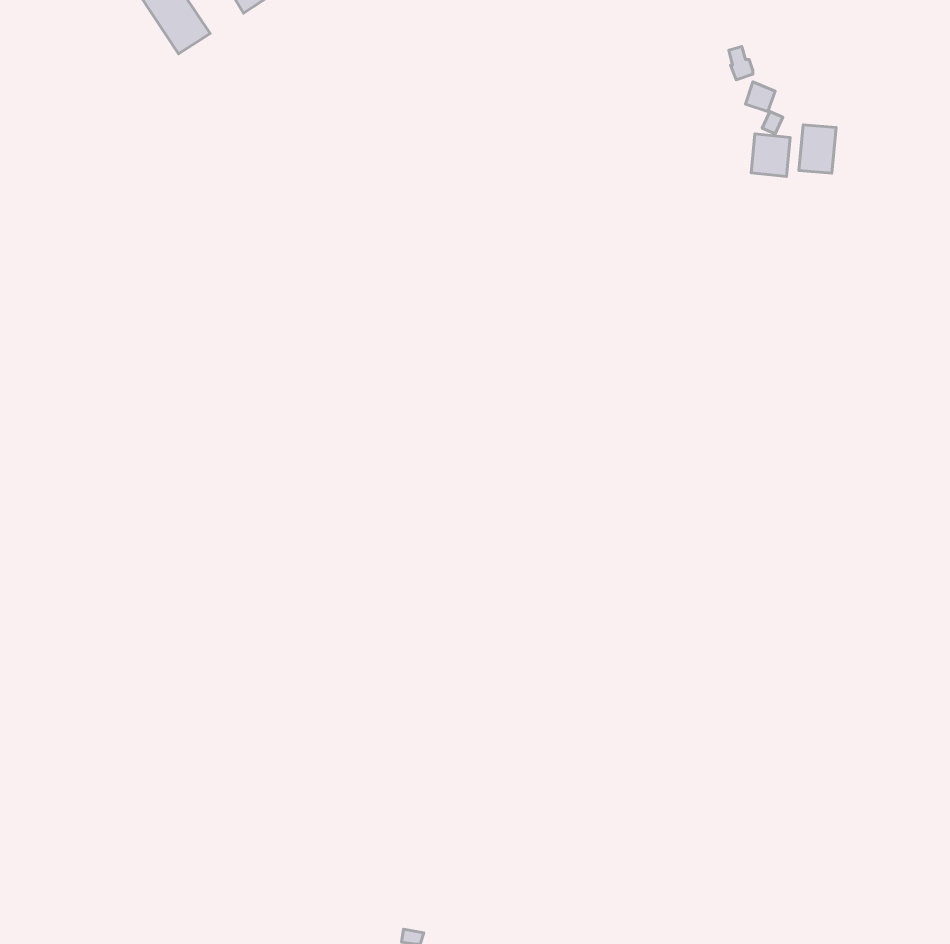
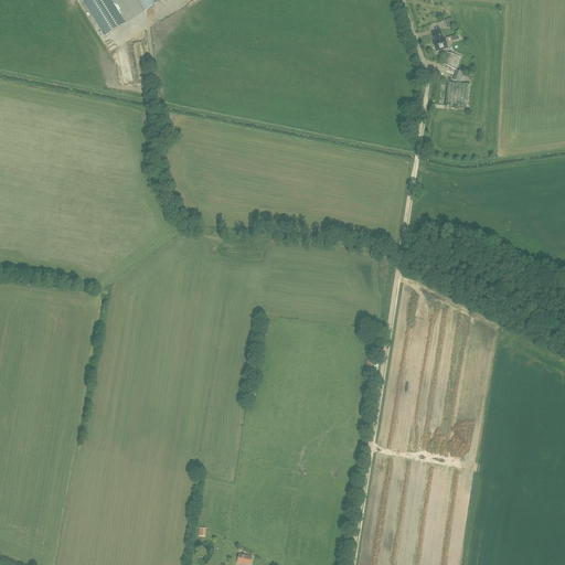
building: [799,125,836,173] -> none

